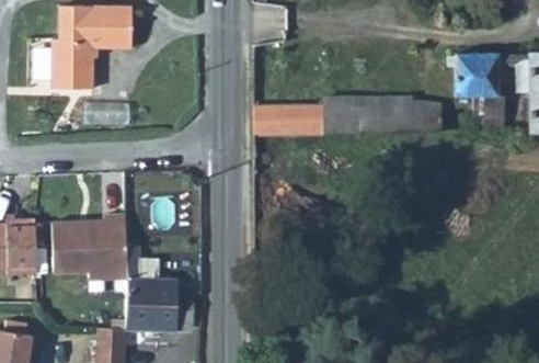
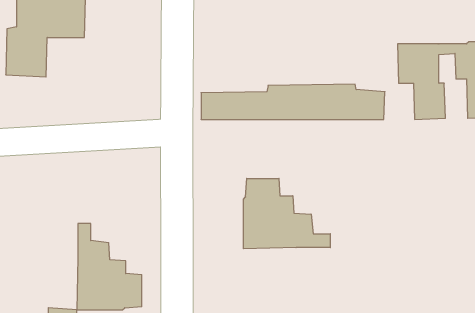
building: none -> [244,178,330,249]
building: [51,215,125,276] -> none

